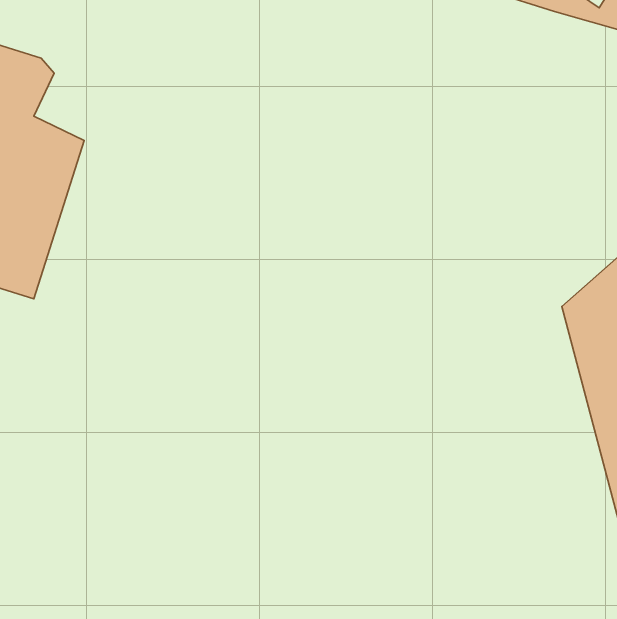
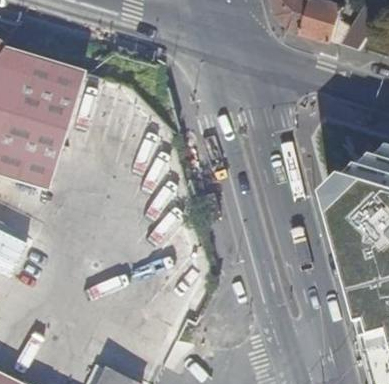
building: none -> [44,62,81,106]

